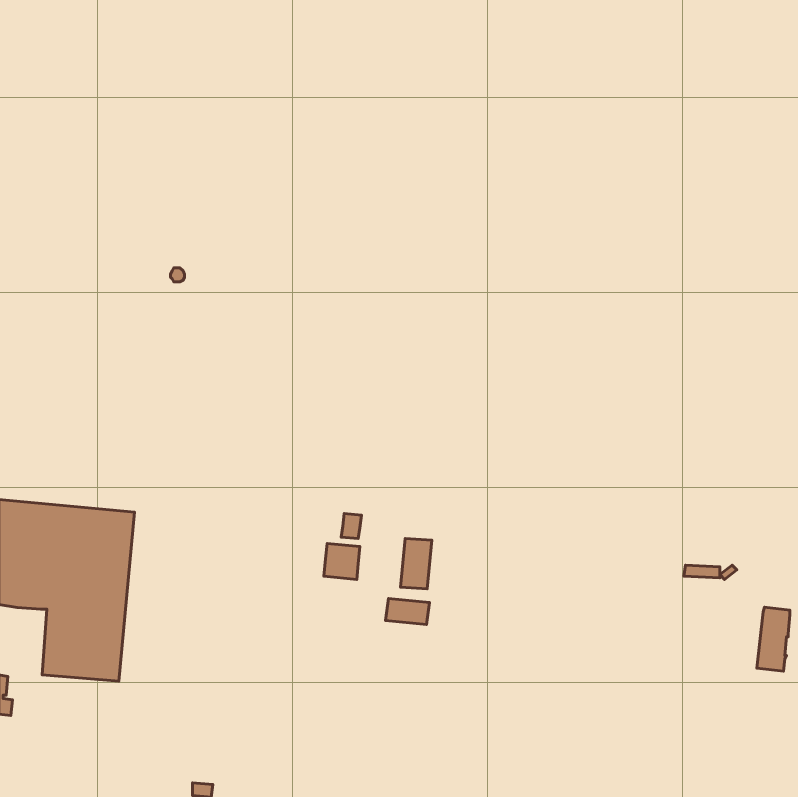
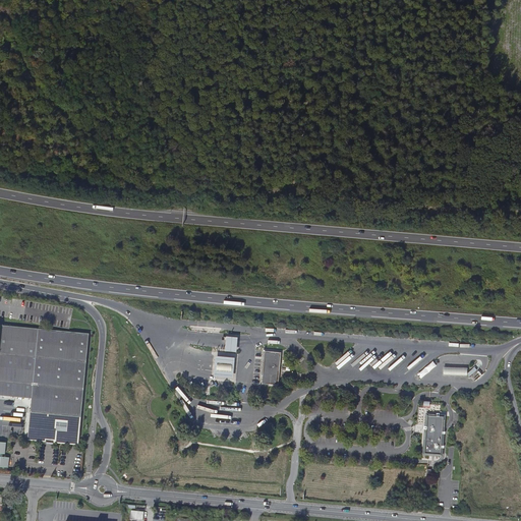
building: [386,599,430,624] -> none
building: [757,607,790,671] -> [421,417,443,459]

